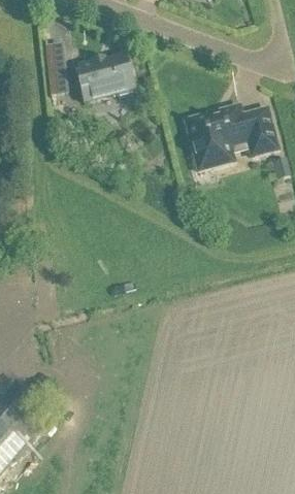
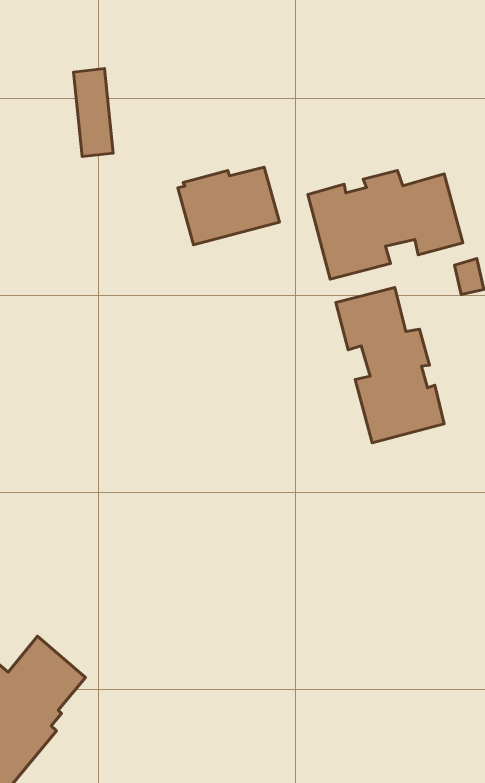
building: [74,55,135,101] -> [178,167,280,245]
building: none -> [336,288,444,443]

